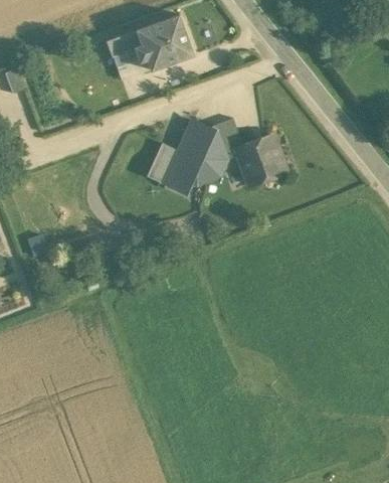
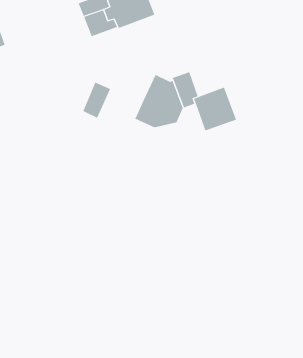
building: [147,144,179,185] -> [83,82,111,118]

